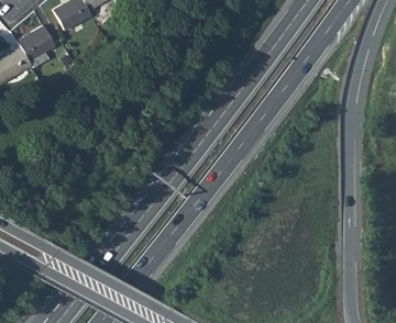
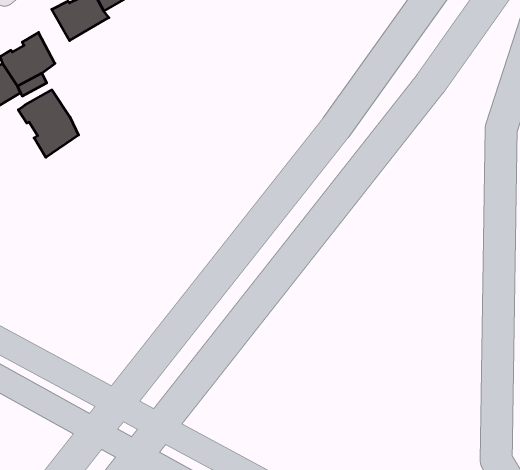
building: none -> [18,90,79,157]

